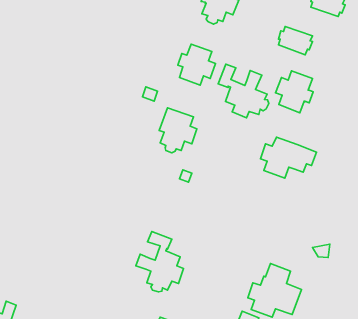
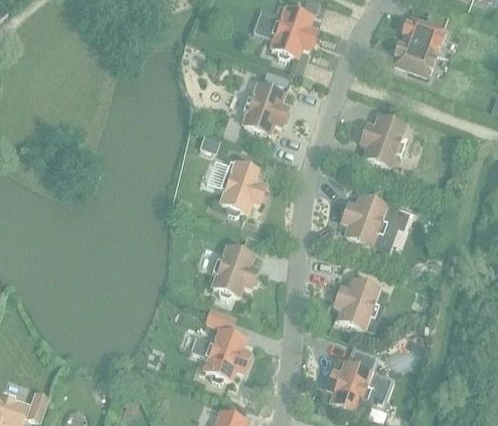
building: [278,26,313,55] -> [394,39,436,73]
building: [218,64,269,118] -> none
building: none -> [212,245,258,297]
building: none -> [335,278,380,329]

